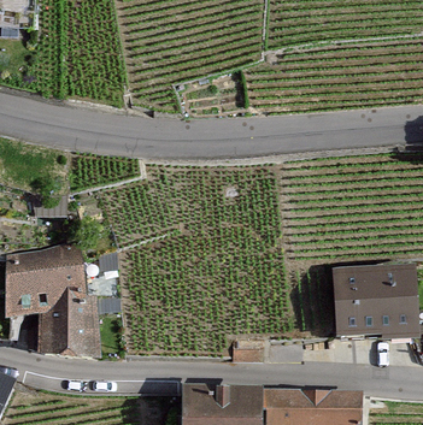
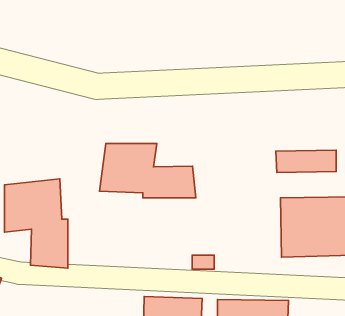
building: none -> [99,144,196,198]
building: none -> [276,150,336,173]

